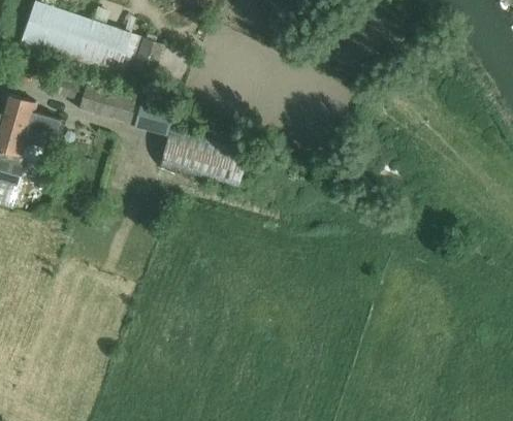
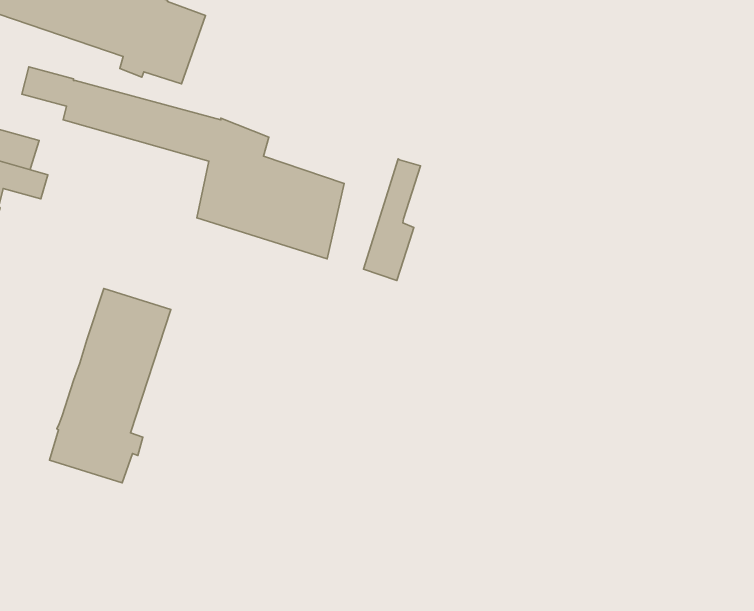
building: none -> [363,159,421,280]
building: none -> [49,288,171,483]

